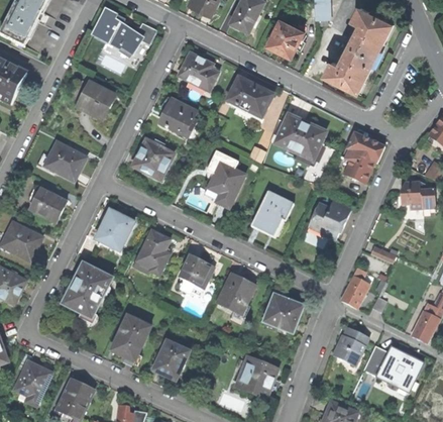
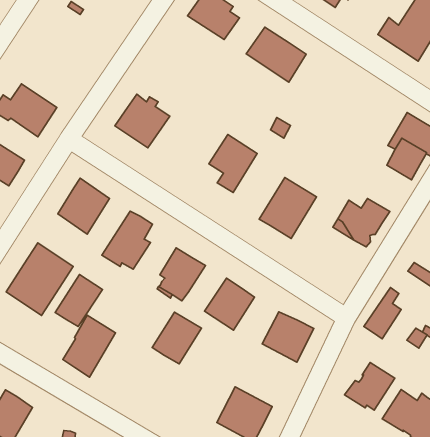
building: [68,78,111,117] -> none
building: [158,96,197,136] -> none
building: [275,114,326,166] -> none
building: none -> [55,274,103,326]
building: [153,340,190,380] -> [152,312,202,364]

